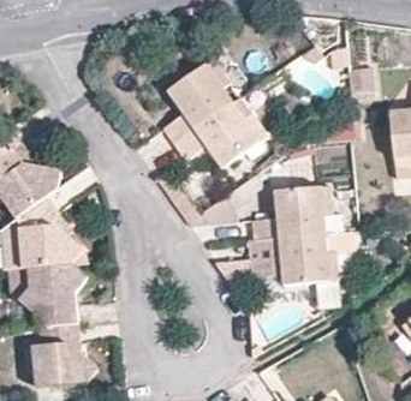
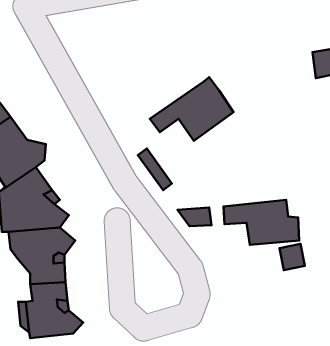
building: [160,59,231,144] -> none
building: [251,186,332,240] -> none

